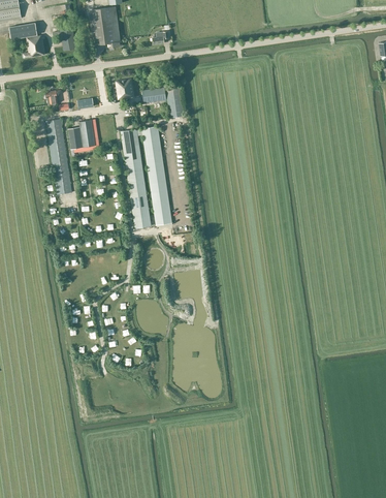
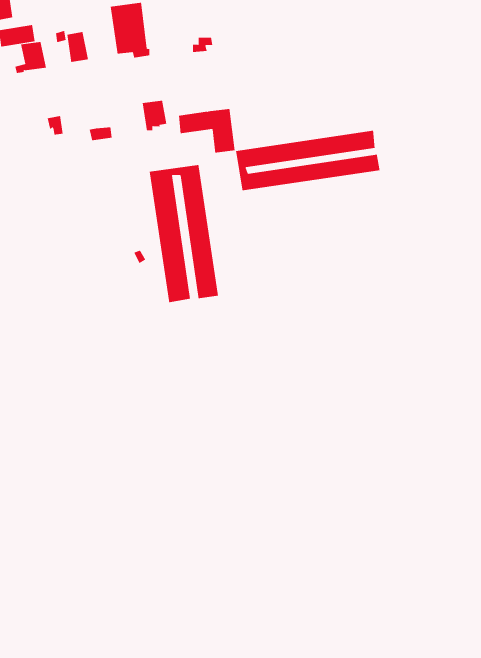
building: none -> [236,130,380,191]
building: [45,119,72,194] -> none
building: [68,120,95,149] -> none

